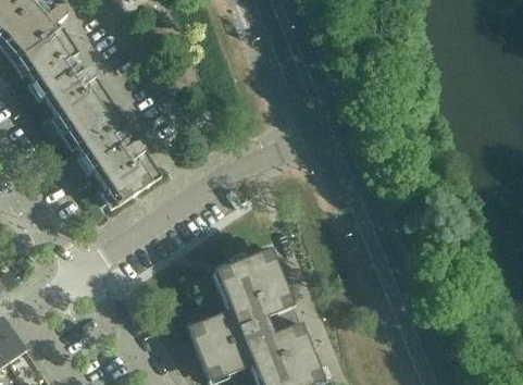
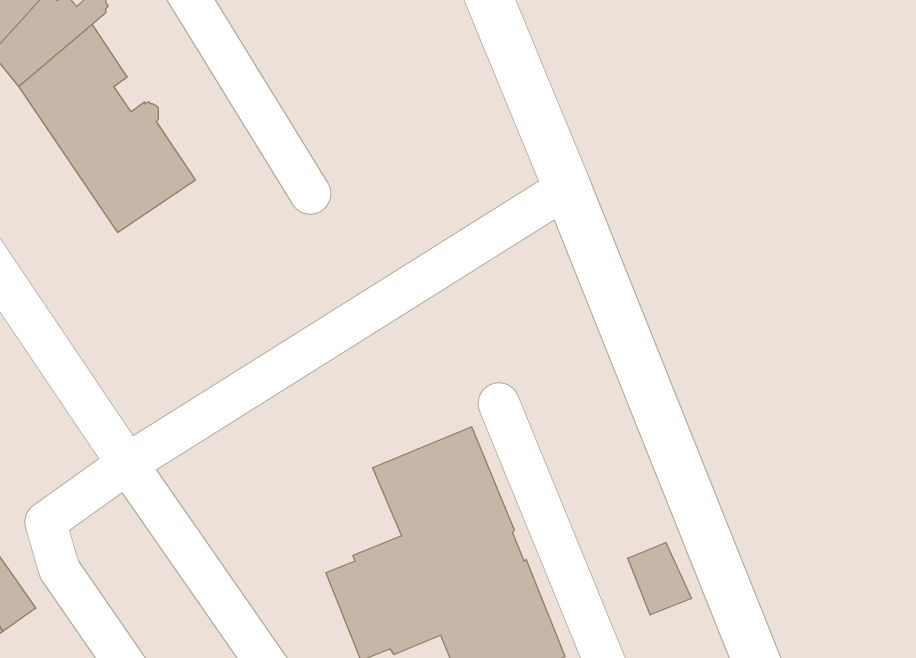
building: [72,109,161,204] -> none
building: none -> [628,542,691,615]

